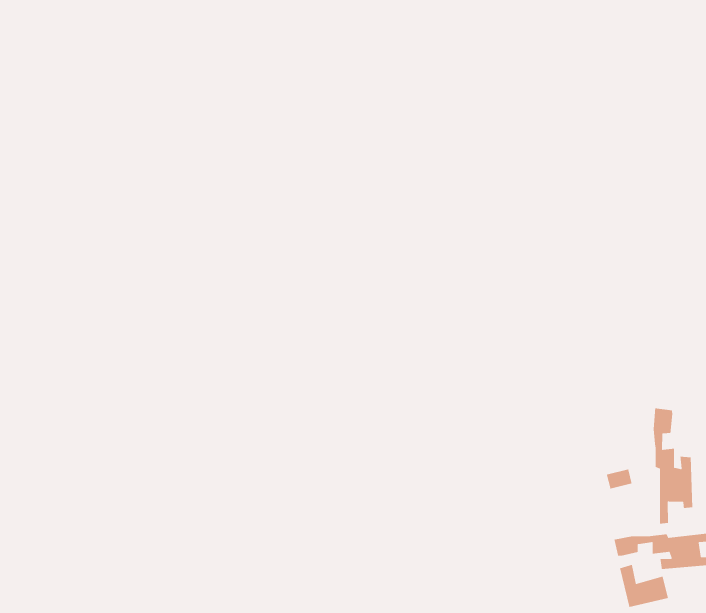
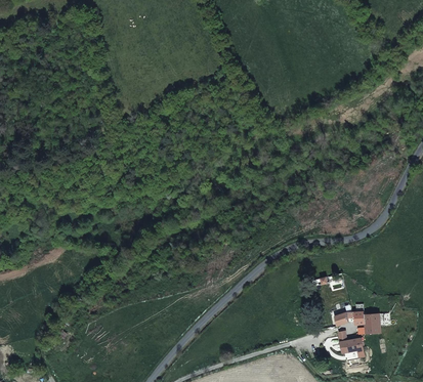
building: [653,408,693,525] -> none

